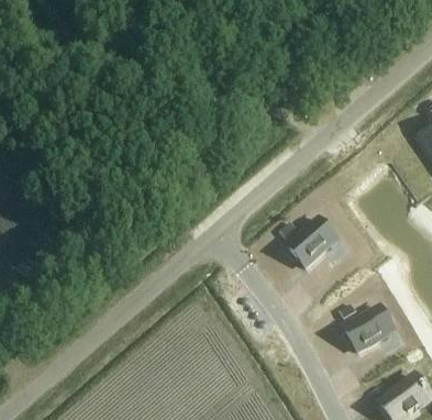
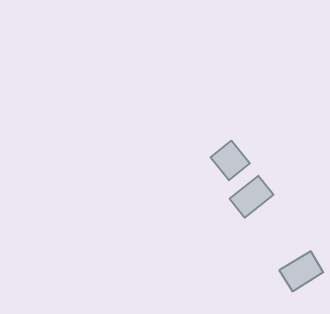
building: none -> [211,141,250,180]

